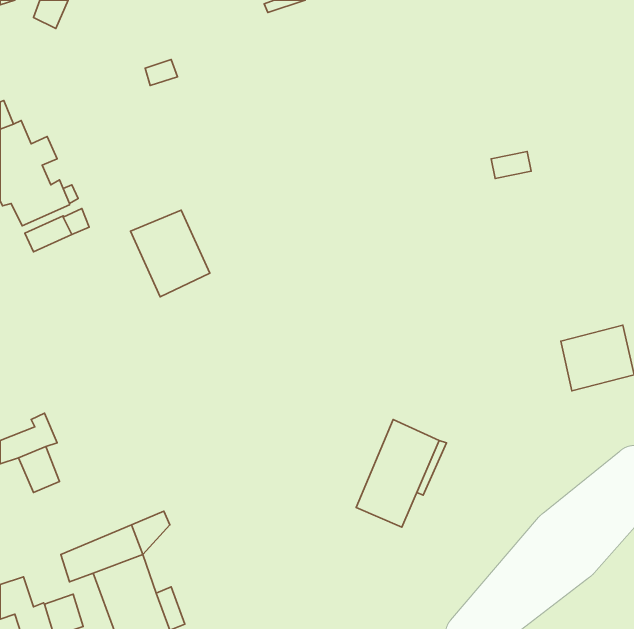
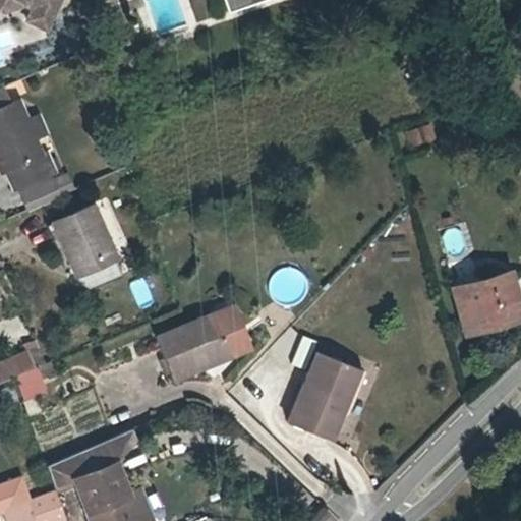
building: [130,210,210,297] -> [51,206,116,277]
building: none -> [158,306,252,384]

